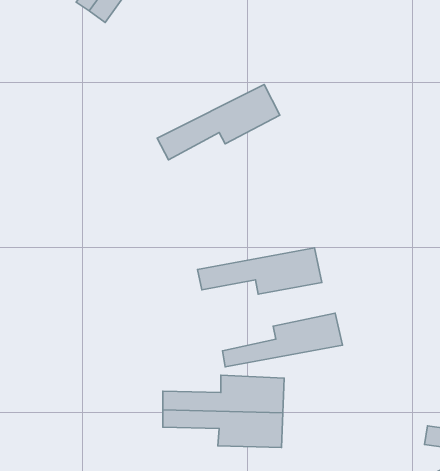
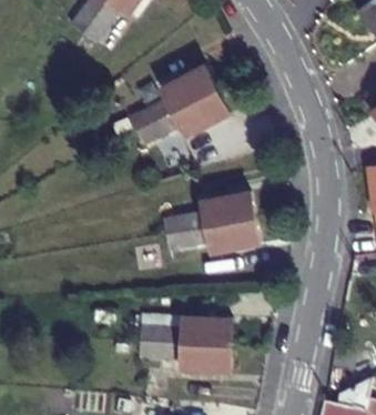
building: none -> [128,67,215,132]
building: [222,313,342,367] -> [162,192,254,233]

